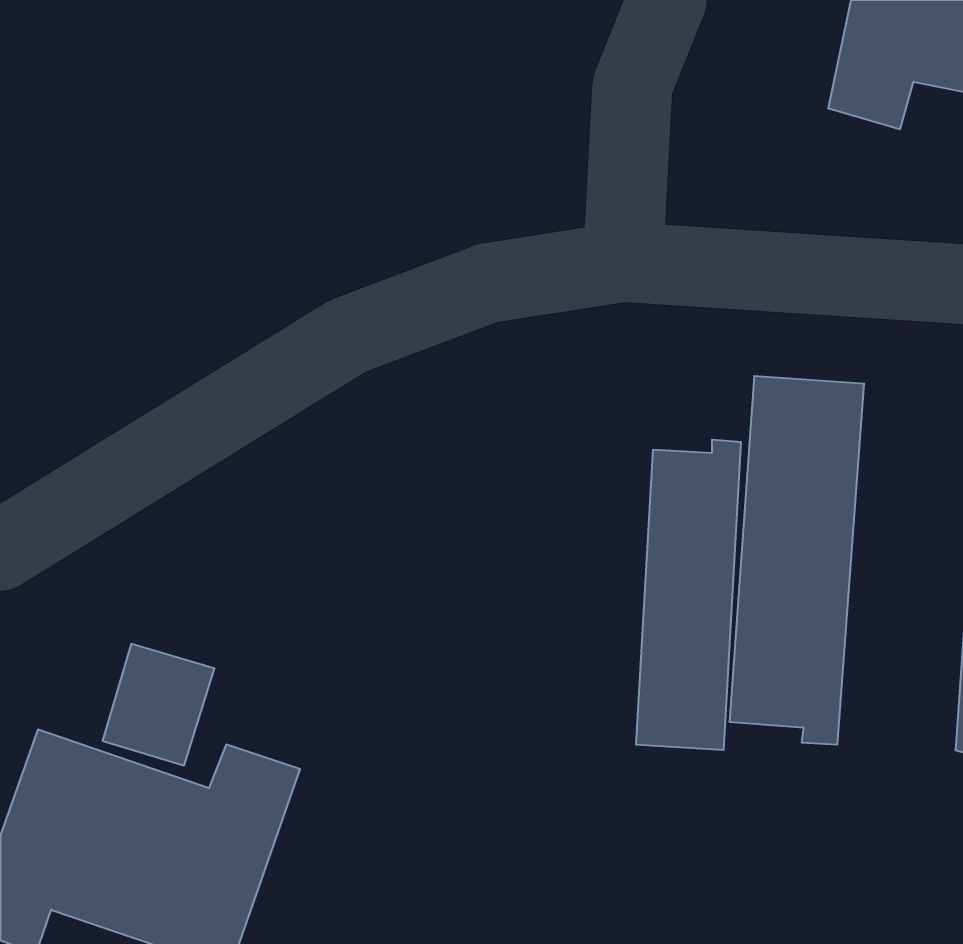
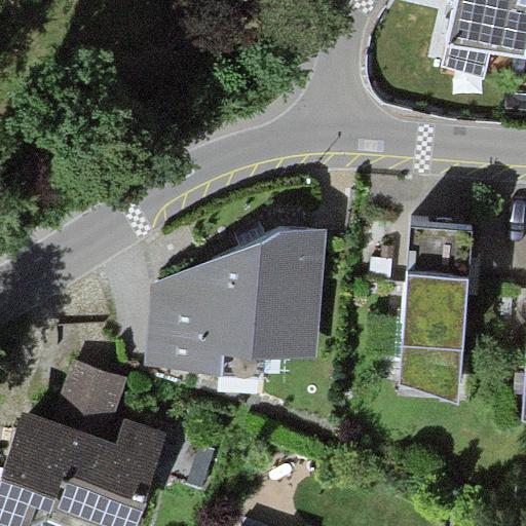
building: none -> [146,230,320,373]
building: [636,440,741,750] -> none

